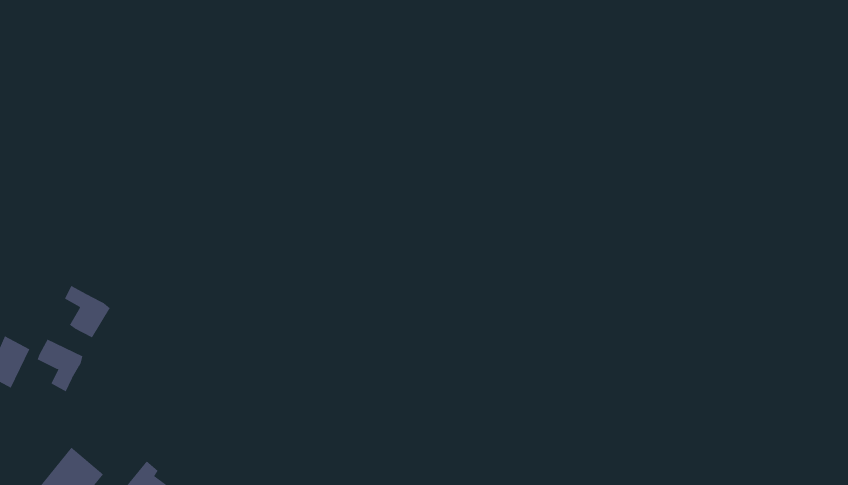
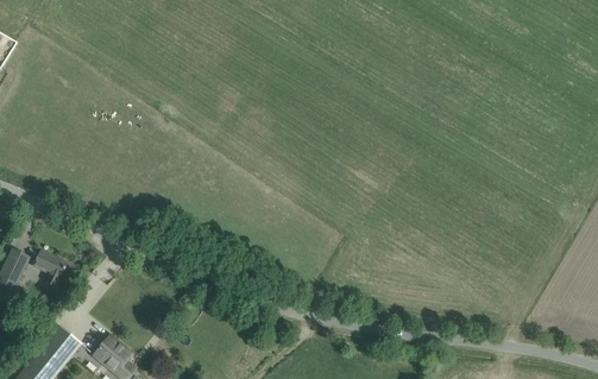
building: [64,285,111,338] -> none

